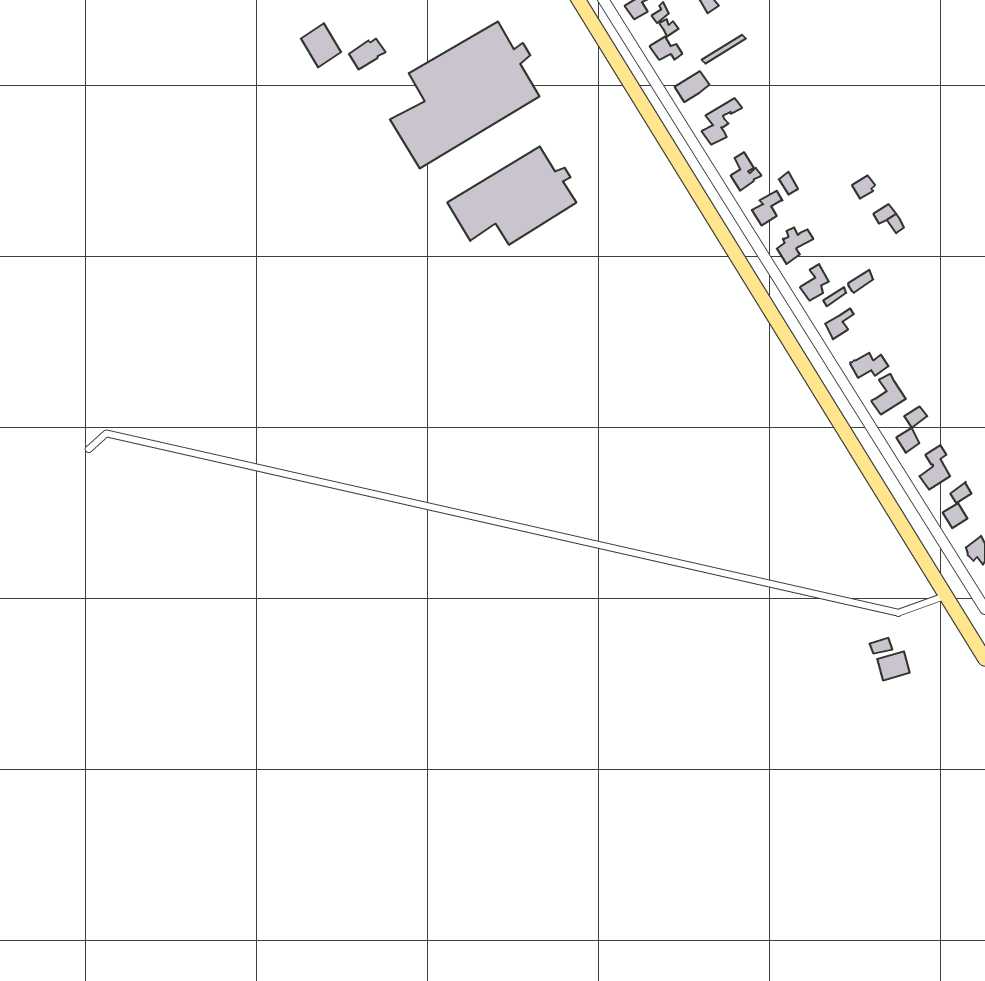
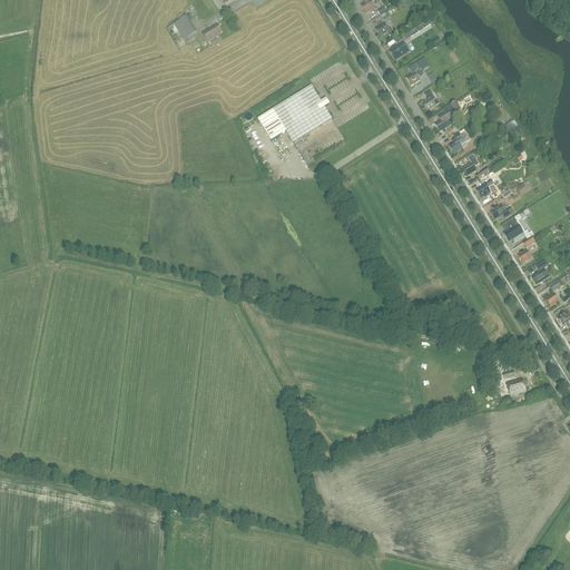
building: [390,21,539,169] -> none

